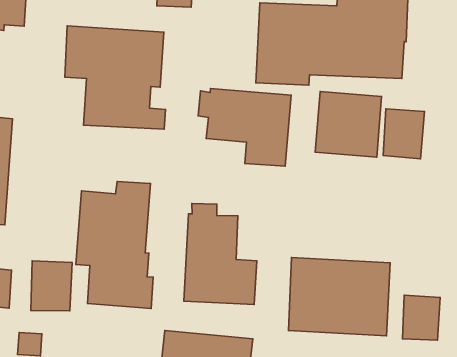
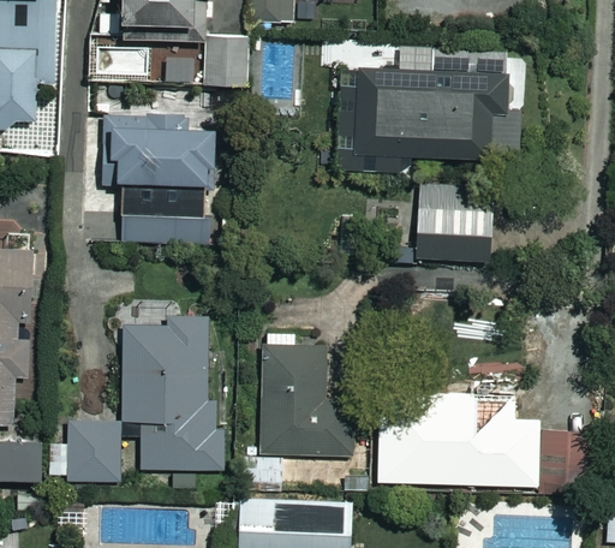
building: [198,89,291,166] -> none
building: [383,109,424,159] -> none

